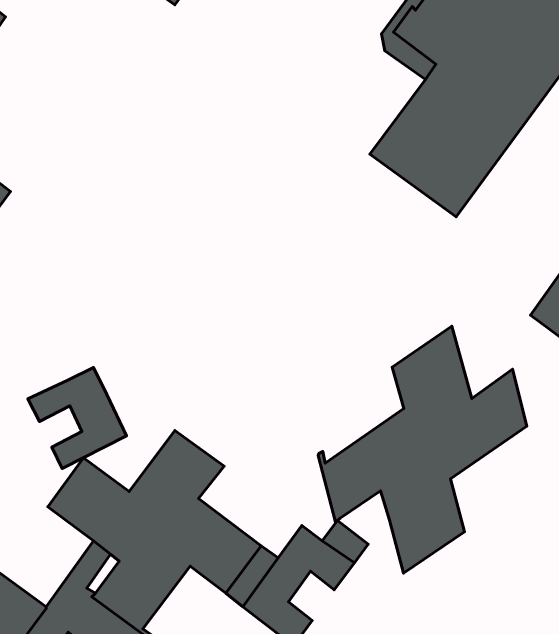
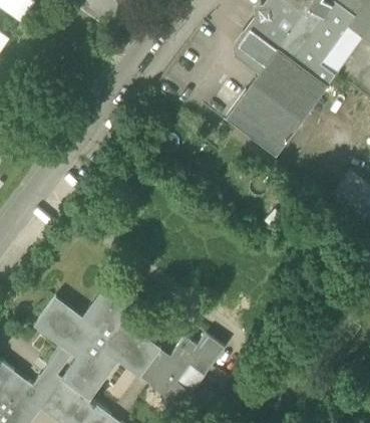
building: [318,326,527,573] -> none
building: [28,368,126,469] -> none

